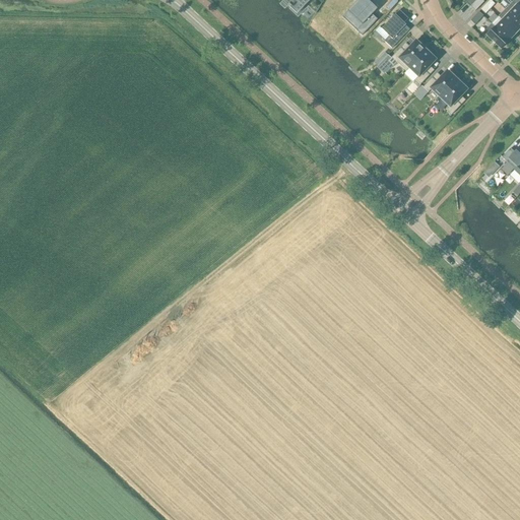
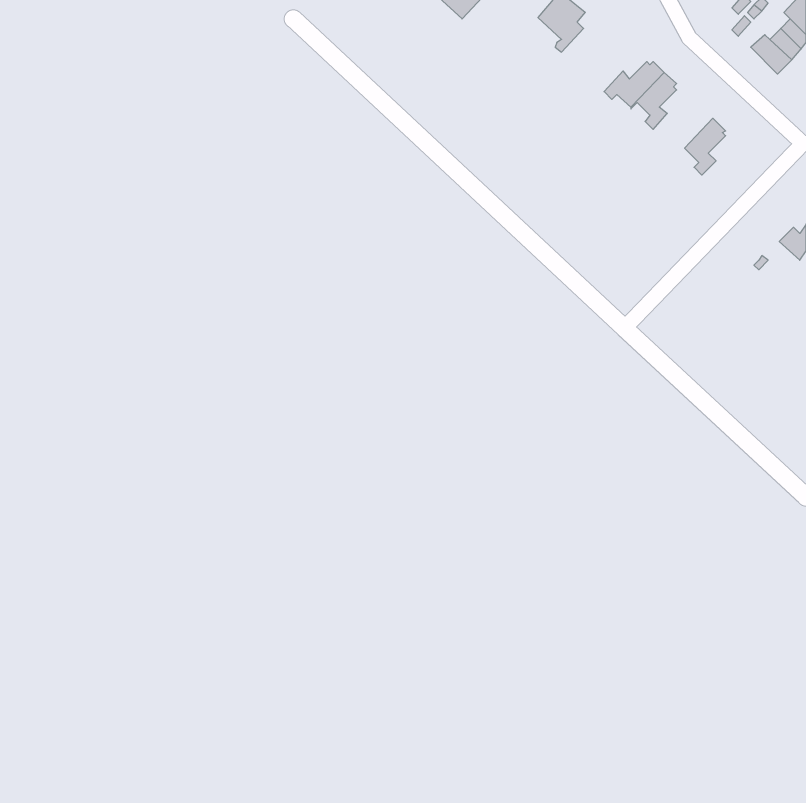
building: [380,8,408,46] -> none
building: [424,69,459,95] -> none

